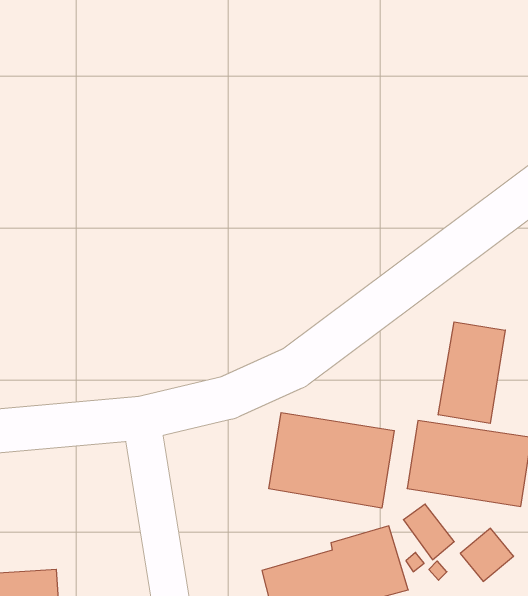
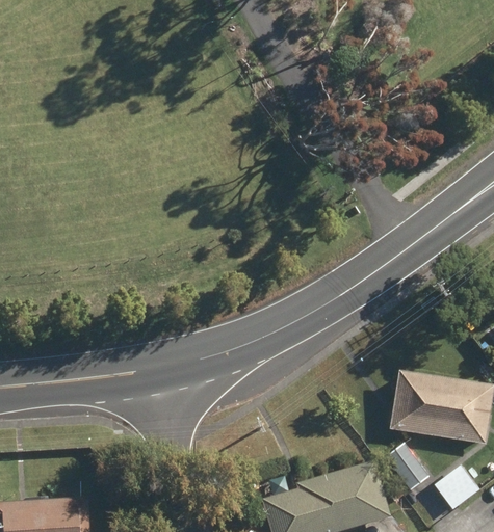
building: [438,322,505,423] -> none
building: [269,413,394,508] -> none

